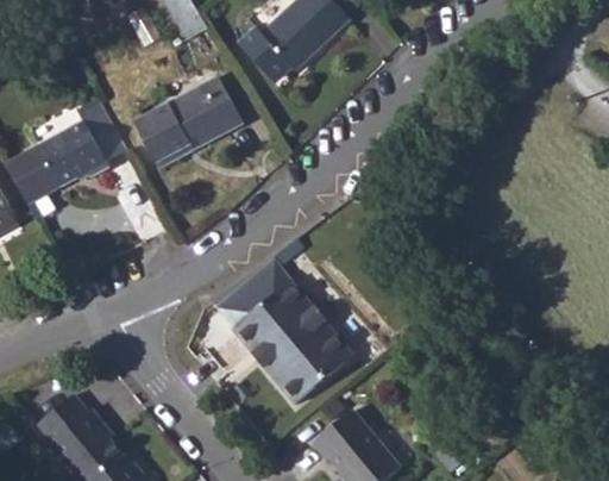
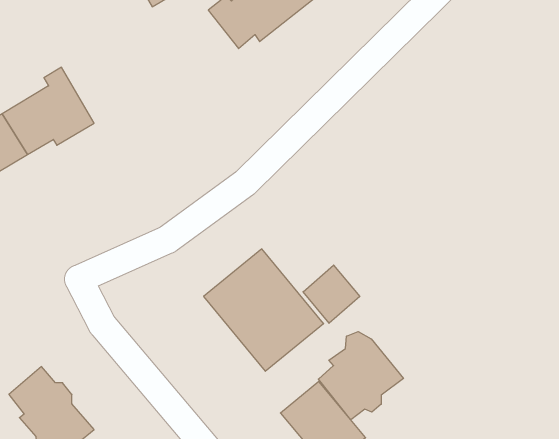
building: [136,73,238,155] -> none
building: none -> [303,265,360,323]
building: none -> [318,332,403,420]

